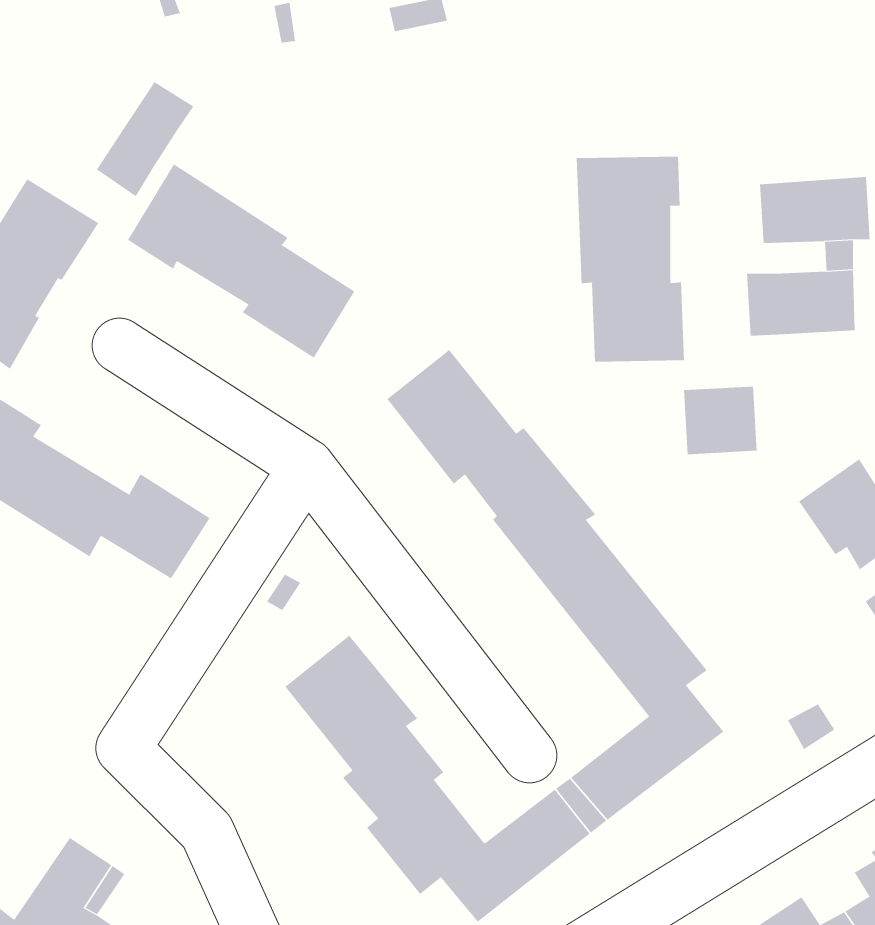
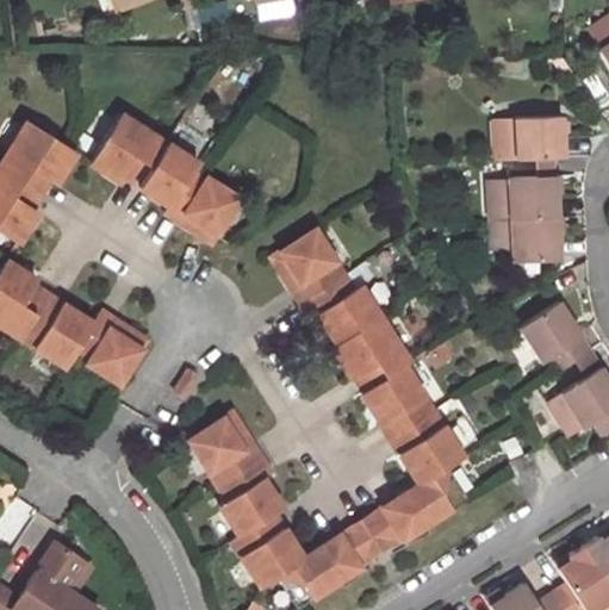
building: [96,81,194,197] -> none
building: [576,156,684,363] -> none
building: [683,386,757,455] -> [514,220,561,264]

